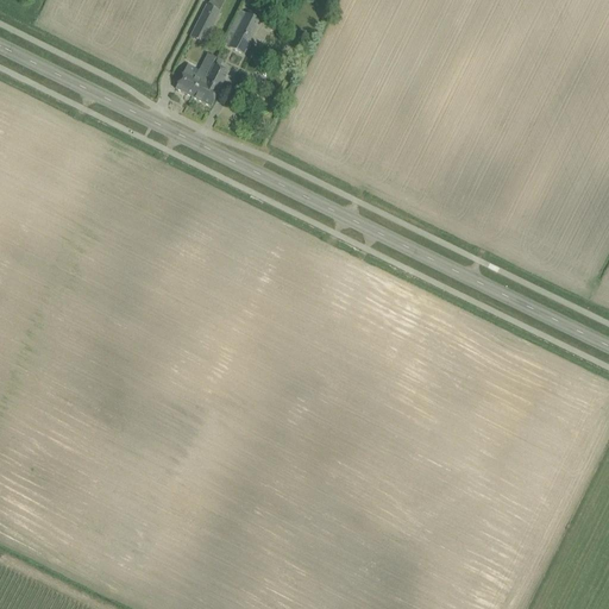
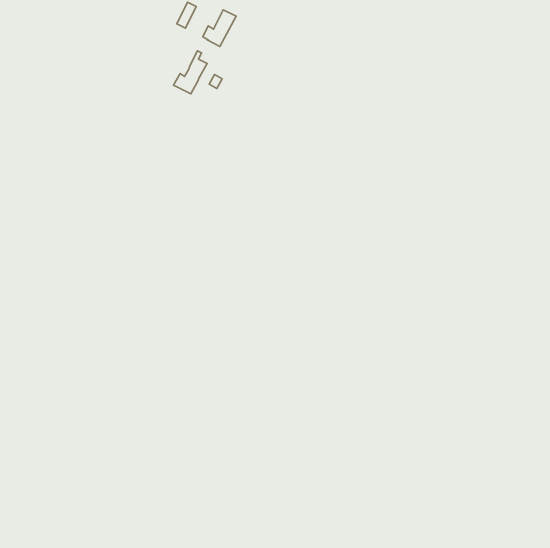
building: [176,51,218,94] -> none

